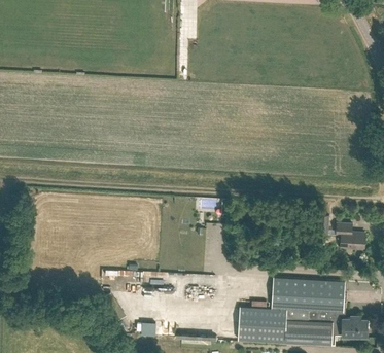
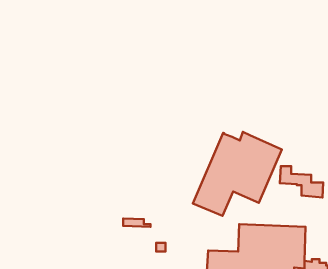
building: none -> [193,132,282,216]

